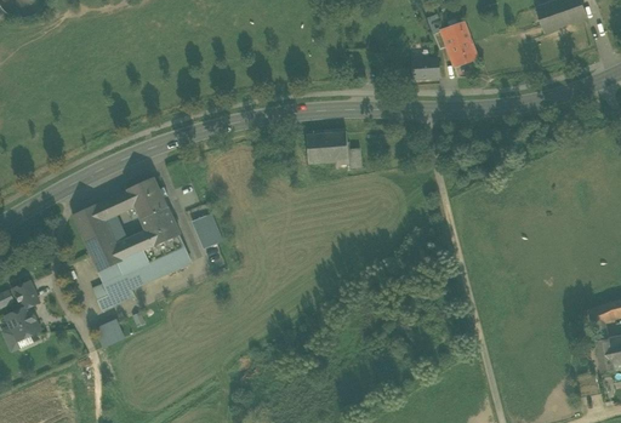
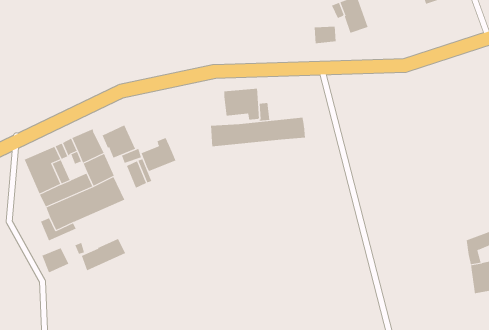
building: none -> [210,117,305,147]
building: none -> [102,125,136,159]
building: none -> [141,137,176,172]
building: none -> [81,238,126,271]

